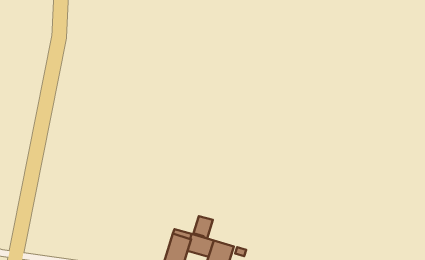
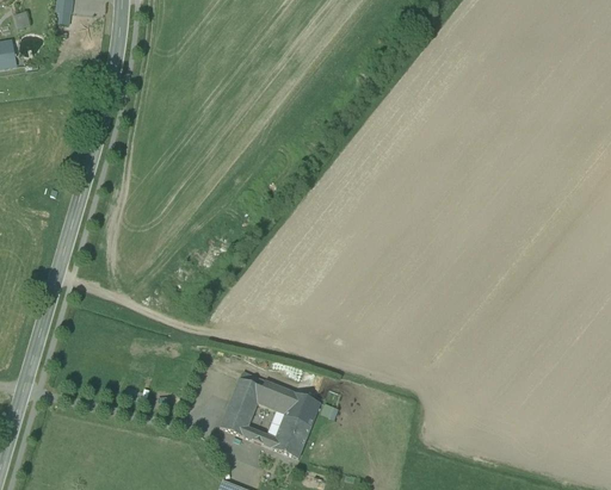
building: [194,216,213,238] -> none

